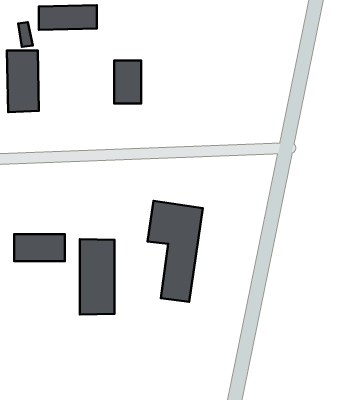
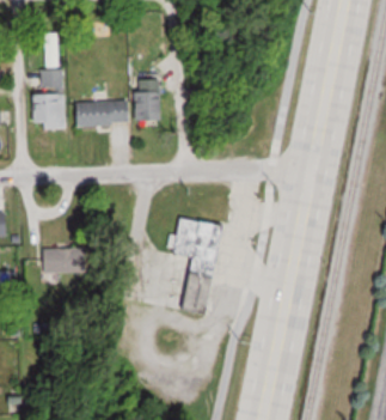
building: [39,5,97,30] -> [73,101,129,124]
building: [80,239,114,315] -> none

